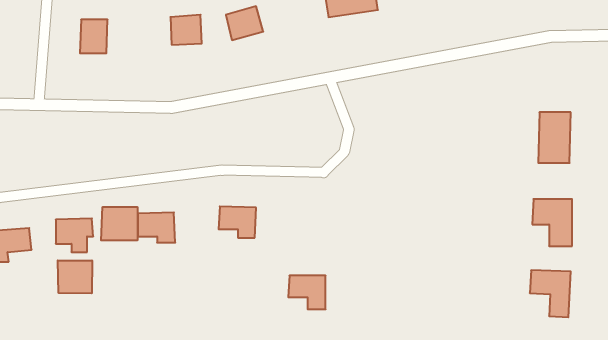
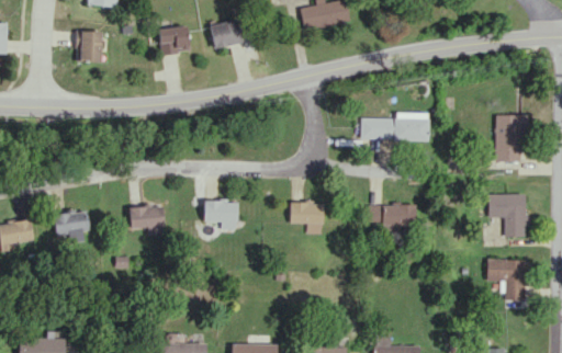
building: none -> [360,112,428,140]
building: [101,207,137,240] -> none
building: none -> [368,205,417,226]
building: [58,260,92,293] -> none
building: [288,276,326,309] -> [290,203,324,234]

